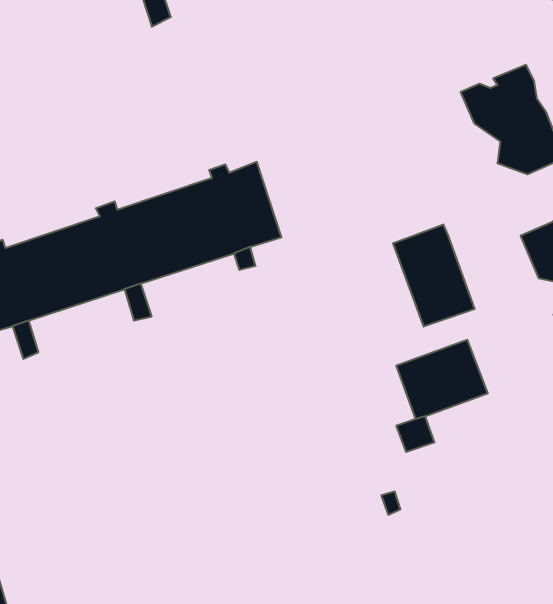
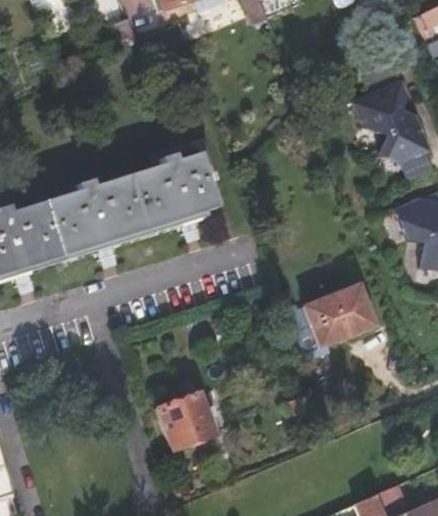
building: [393,224,475,327] -> none
building: none -> [155,391,212,450]

